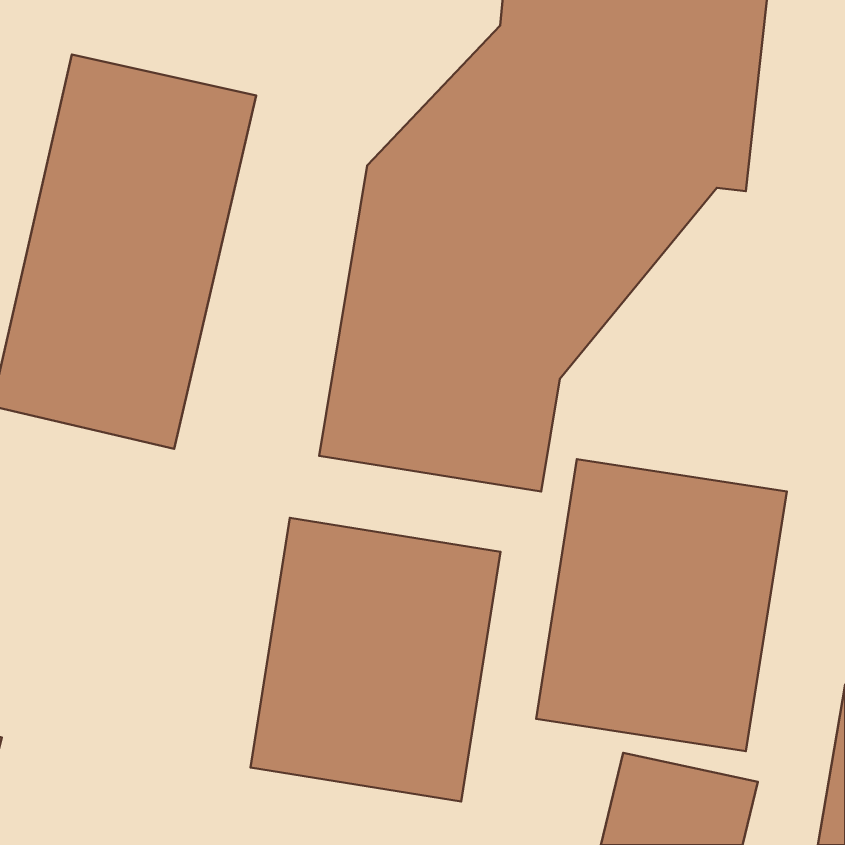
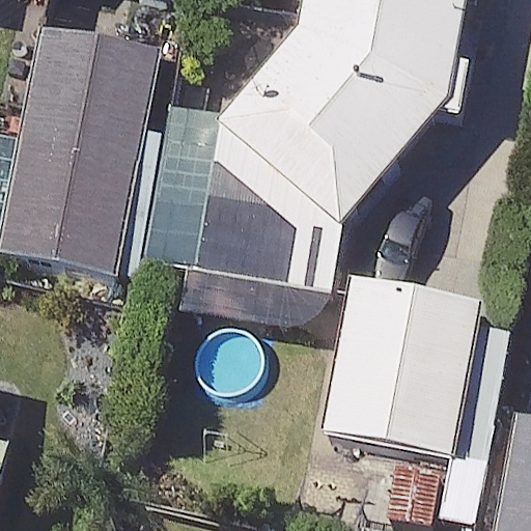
building: [251,518,501,802] -> none

